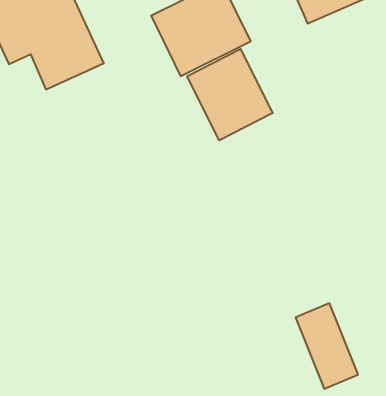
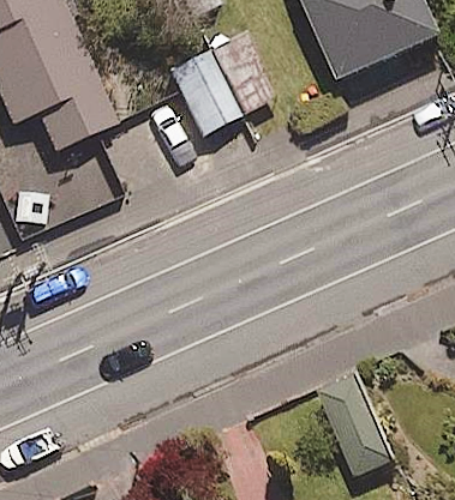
building: [187,49,273,140] -> none

